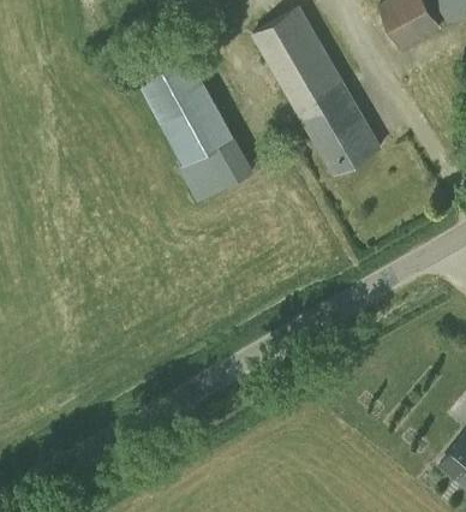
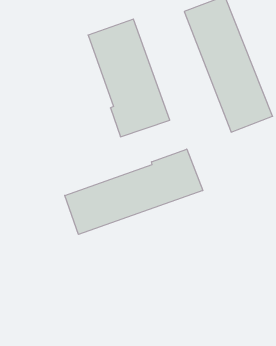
building: none -> [65,149,203,234]

